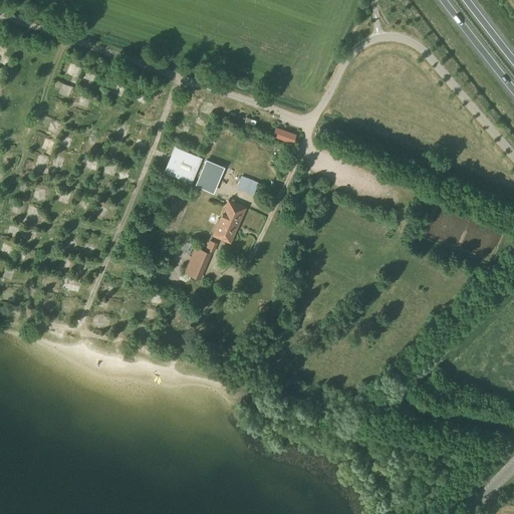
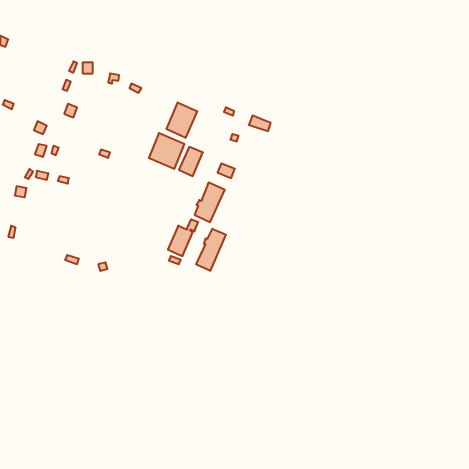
building: none -> [166,102,197,138]
building: none -> [196,229,226,271]

